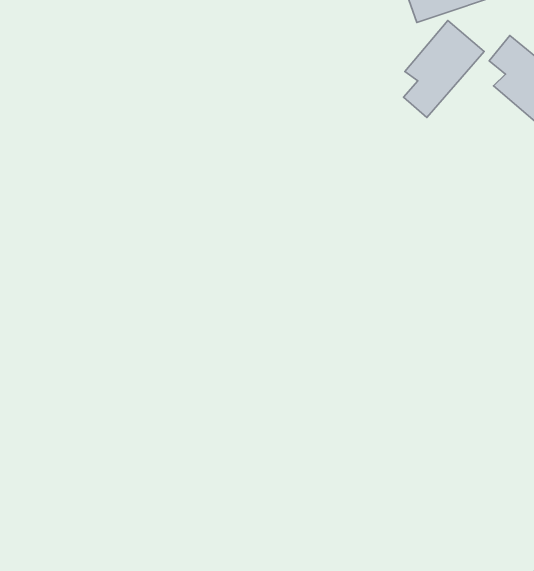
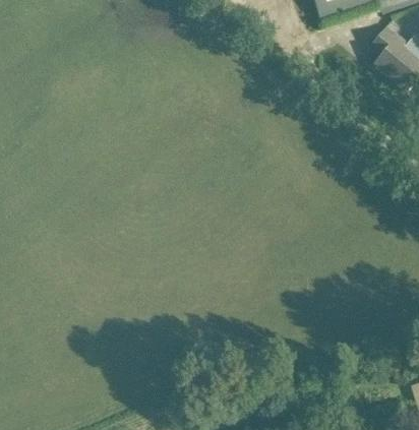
building: [403,21,484,118] -> none

